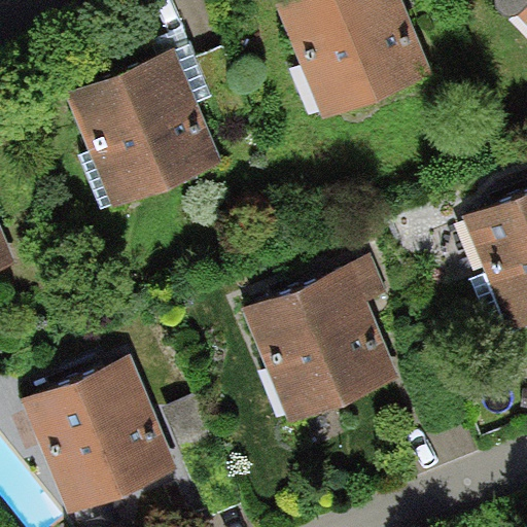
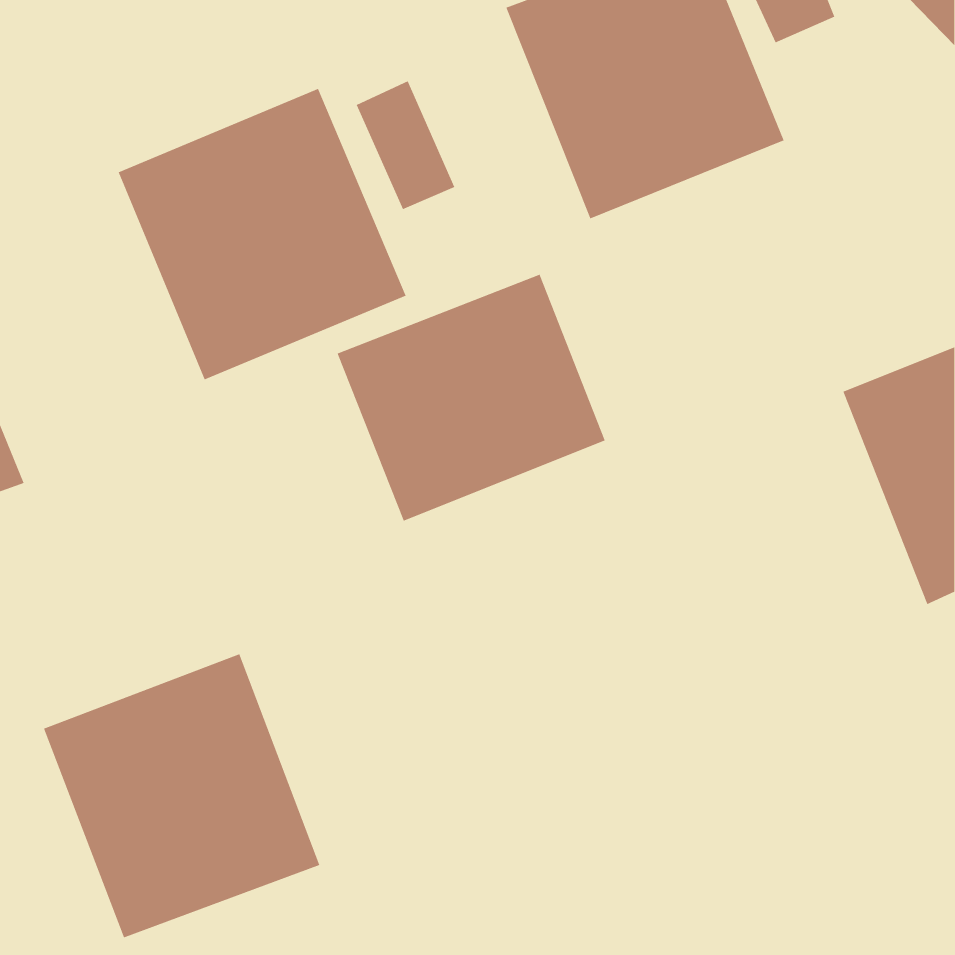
building: none -> [337,274,605,521]
building: [240,252,398,424] -> none

